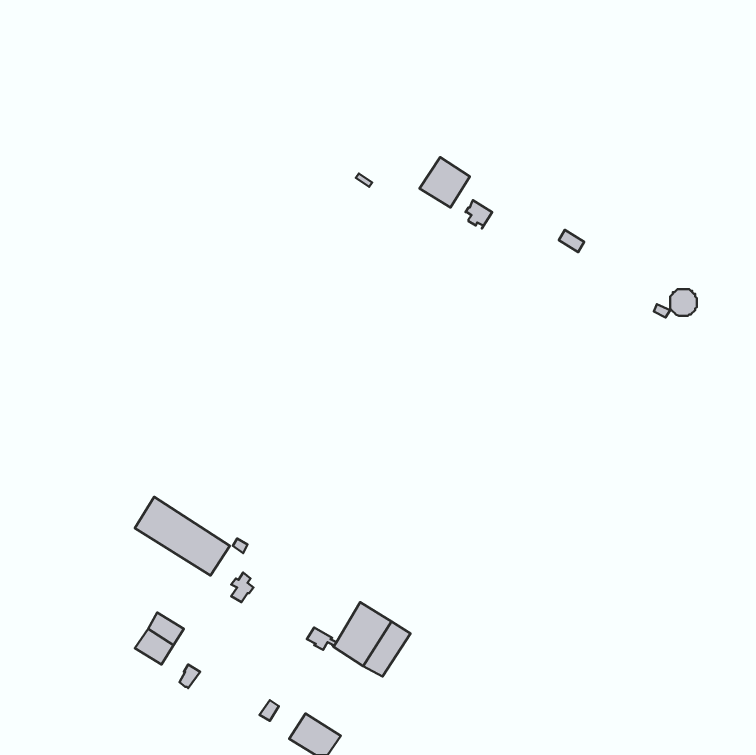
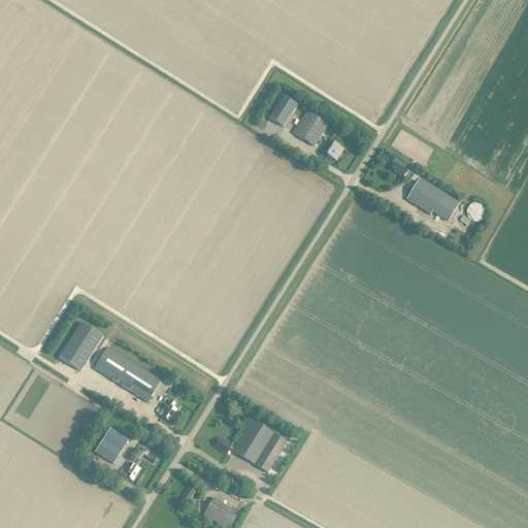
building: none -> [268,94,297,125]
building: none -> [405,176,459,220]
building: none -> [58,321,102,370]

